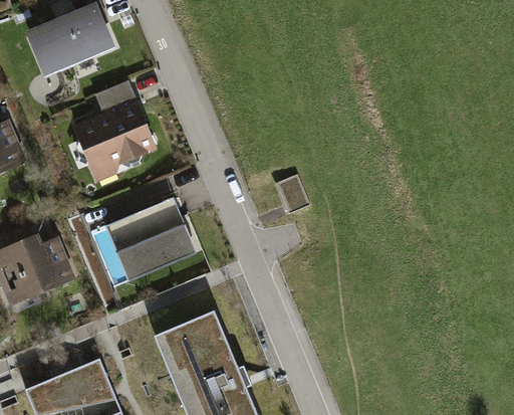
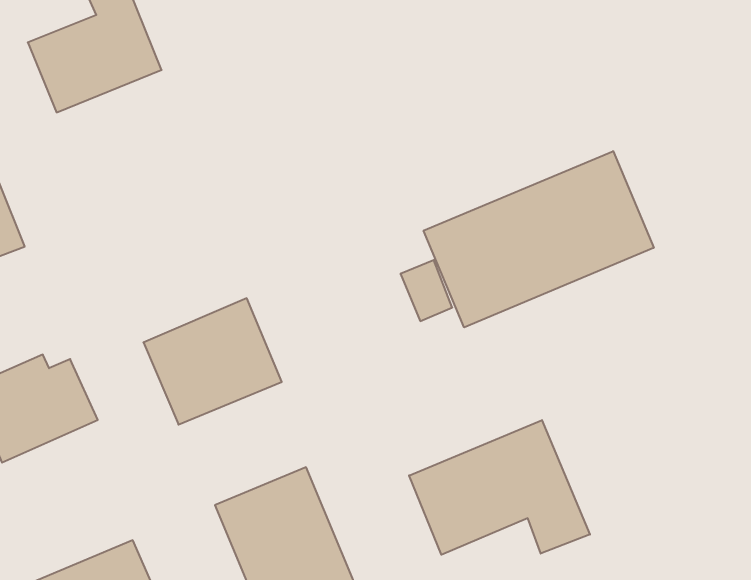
building: [73,80,160,178] -> none
building: none -> [424,151,654,327]
building: none -> [409,420,590,555]

